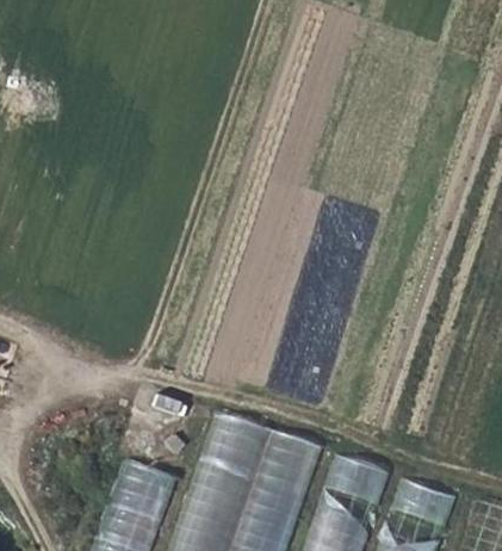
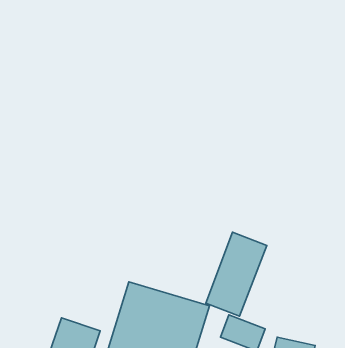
building: none -> [206,232,267,316]

